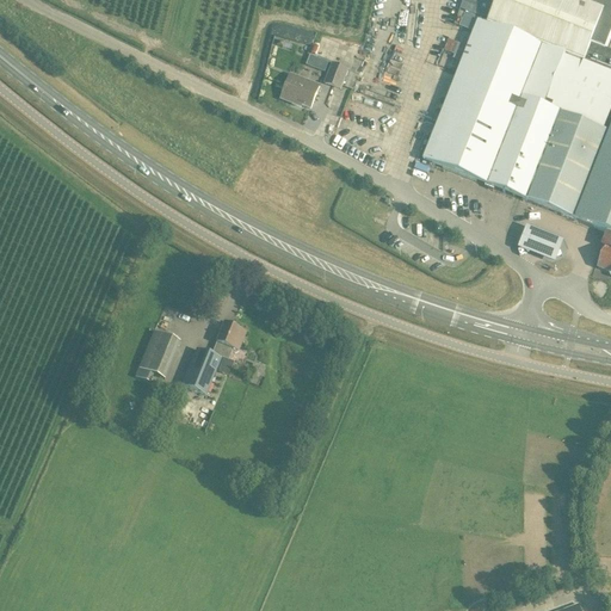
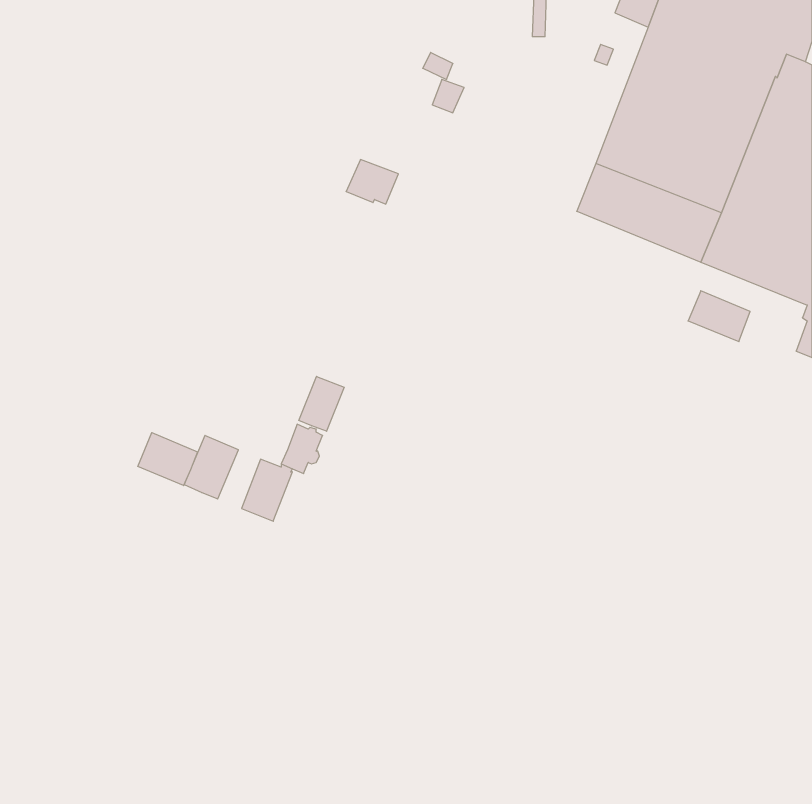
building: [280,70,320,104] -> [346,160,398,204]
building: none -> [299,376,344,431]
building: none -> [138,433,198,486]

